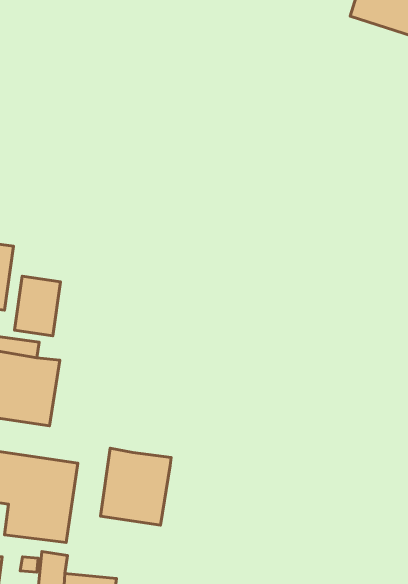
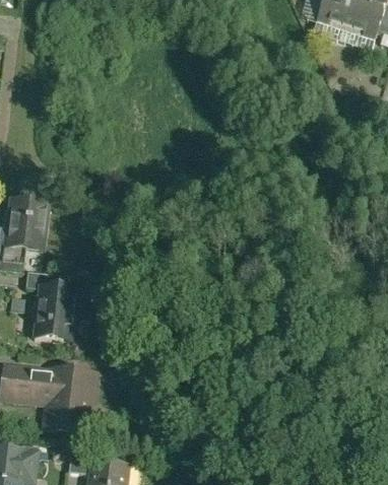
building: [14,276,60,336] -> none
building: [101,448,171,525] -> none

